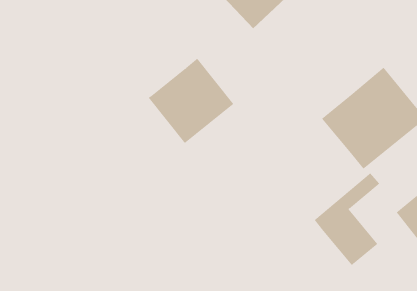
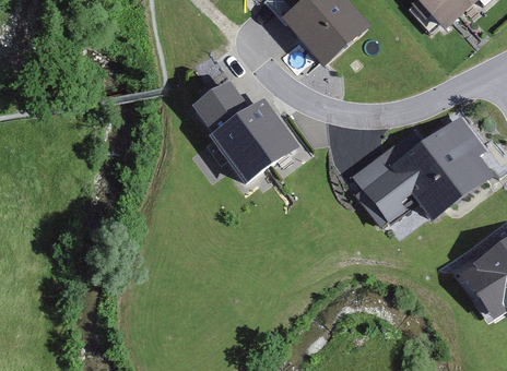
building: none -> [190,76,248,131]
building: [314,173,380,266] -> [350,128,422,225]

